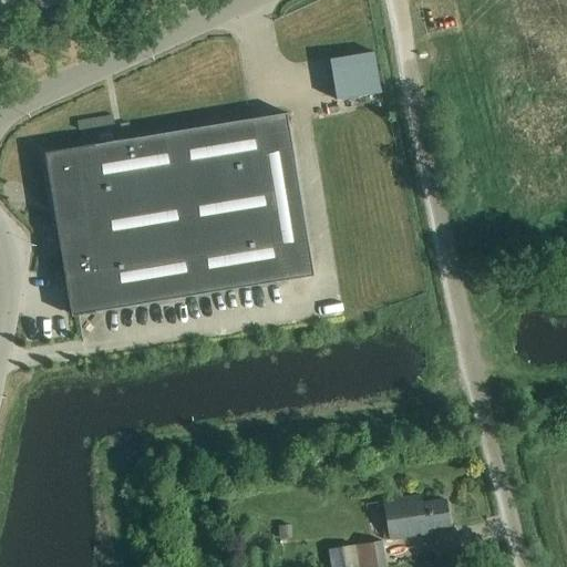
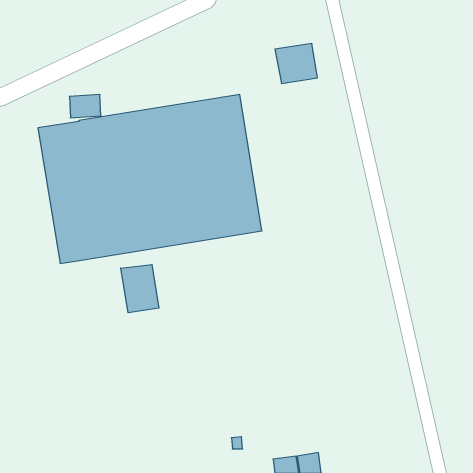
building: none -> [121,264,159,313]
building: [383,495,451,539] -> none

